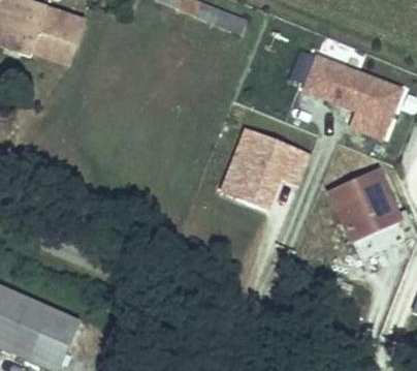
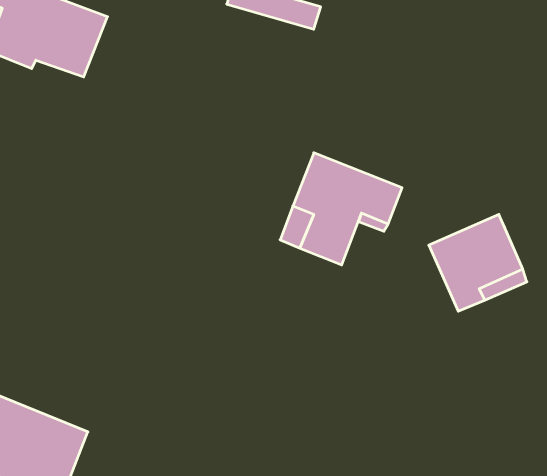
building: [300,51,399,133] -> none

